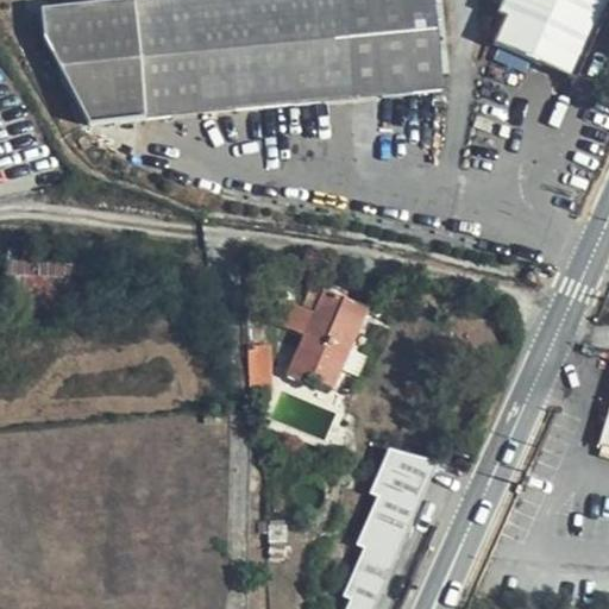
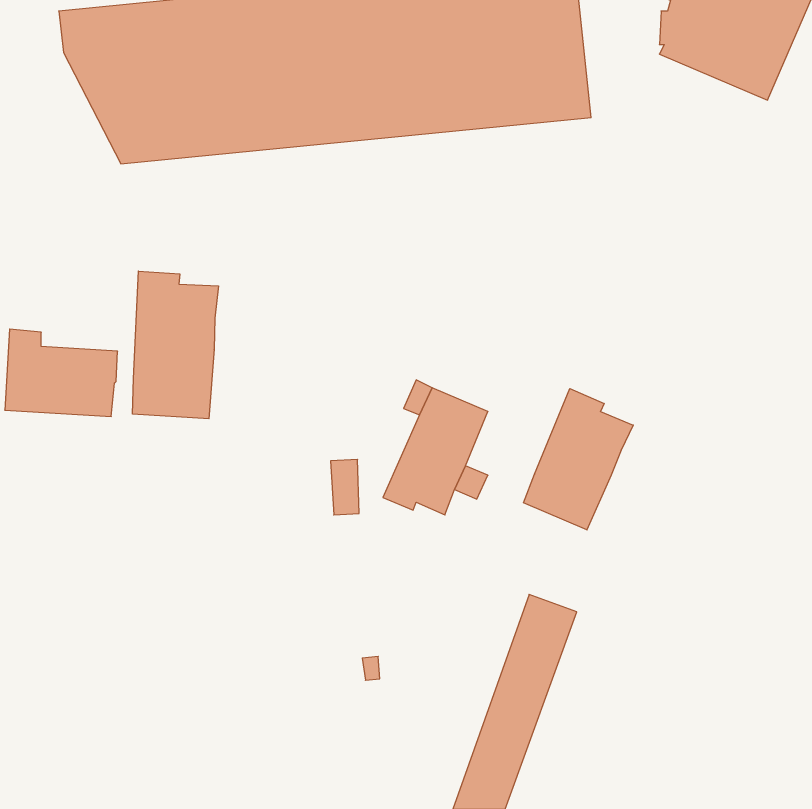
building: none -> [133,271,218,419]
building: none -> [524,389,633,530]

